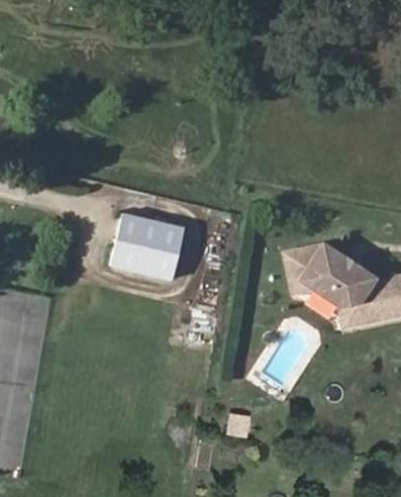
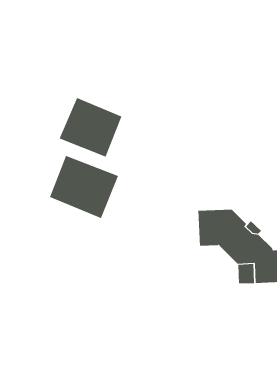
building: none -> [59,97,122,158]

